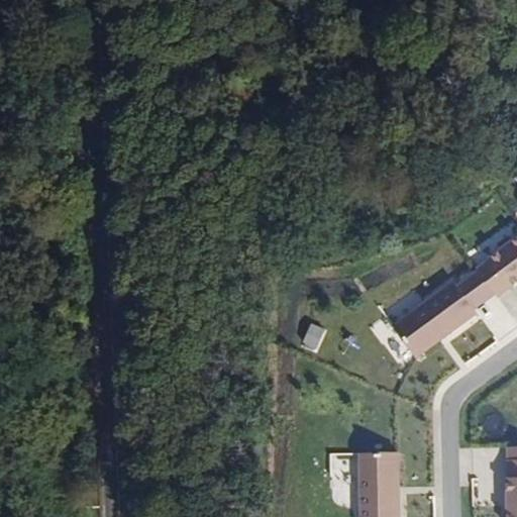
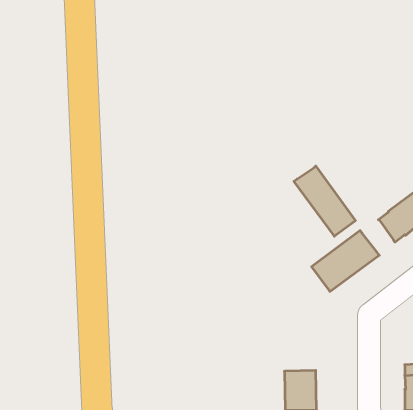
building: none -> [294,166,355,236]
building: [453,270,492,309] -> none

